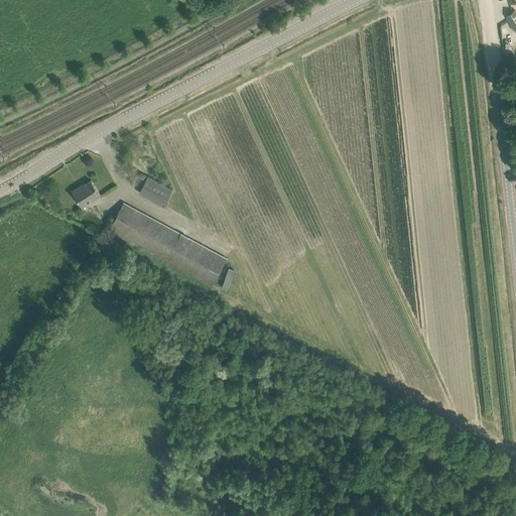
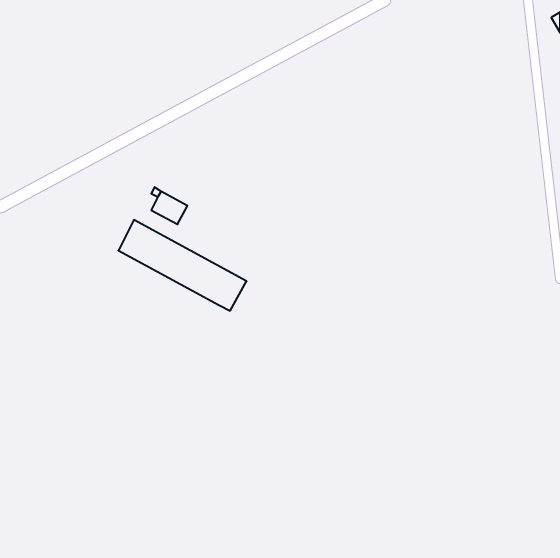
building: [72,181,100,208] -> none

